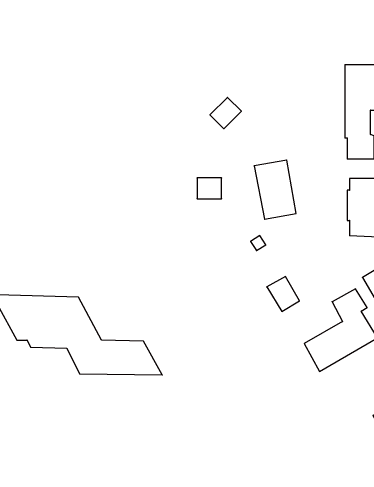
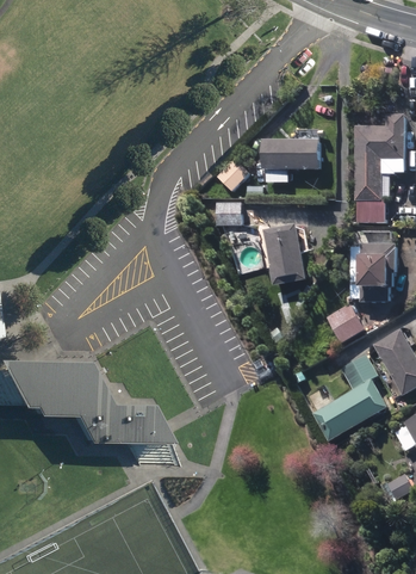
building: none -> [261,138,318,181]
building: [197,178,222,199] -> [216,203,241,224]
building: [267,277,299,311] -> [330,303,364,339]

